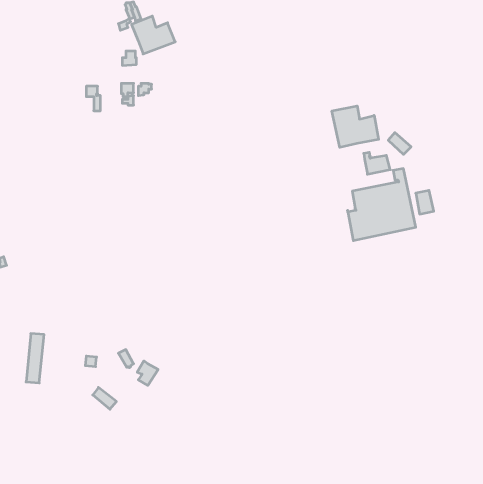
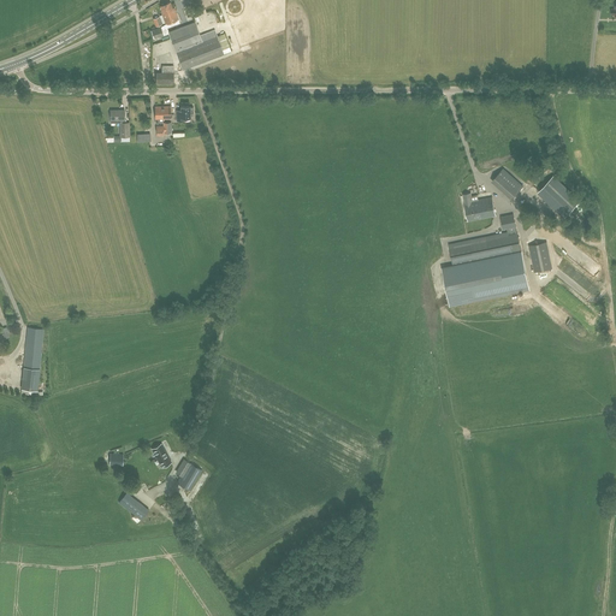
building: [332,106,379,147] -> none
building: none -> [539,176,579,214]
building: [26,334,44,383] -> [20,327,43,390]

